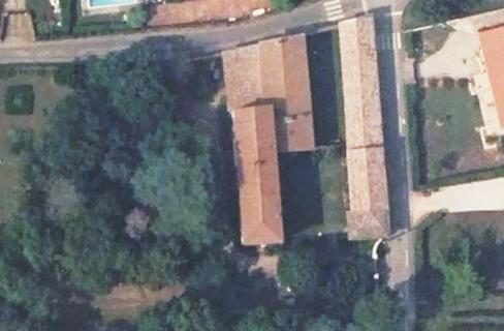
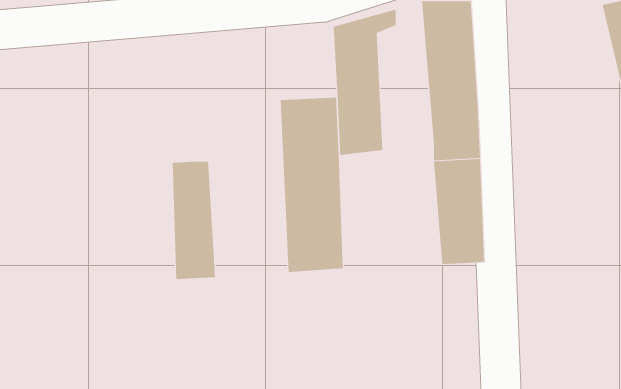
building: [232,54,277,110] -> none
building: none -> [172,161,216,280]

